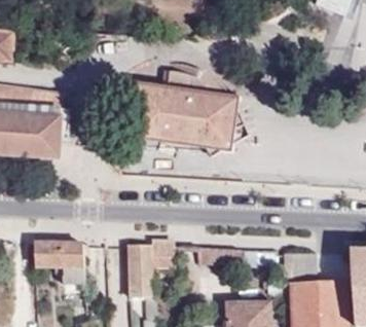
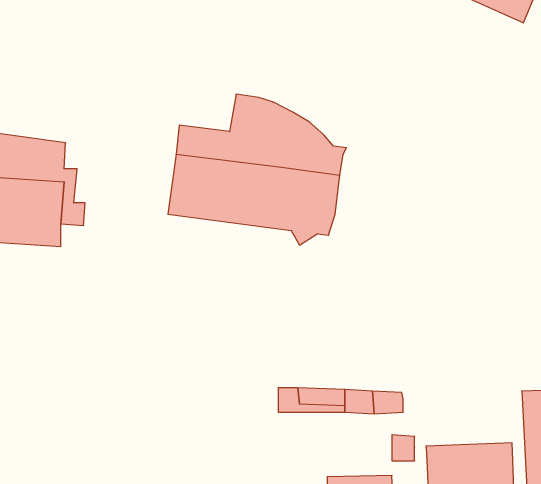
building: [33,242,83,289] -> none
building: [126,244,173,297] -> none

